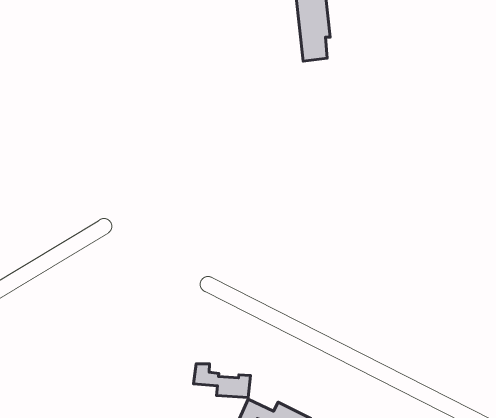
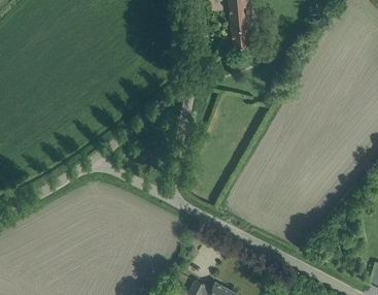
building: [193,364,250,397] -> none

